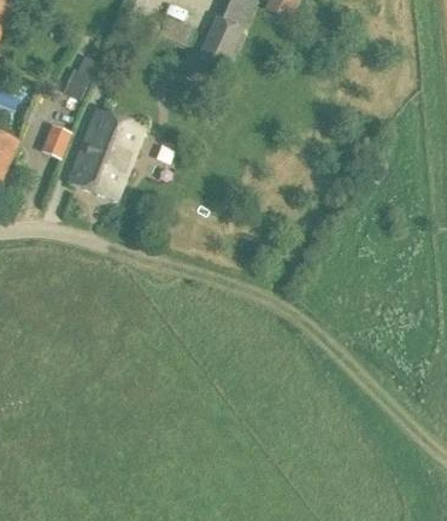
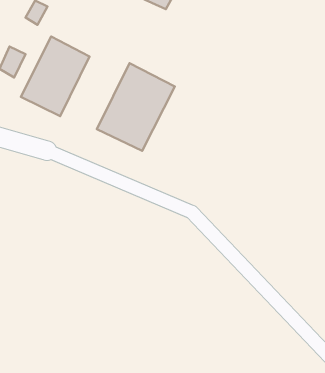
building: none -> [97,63,175,151]

